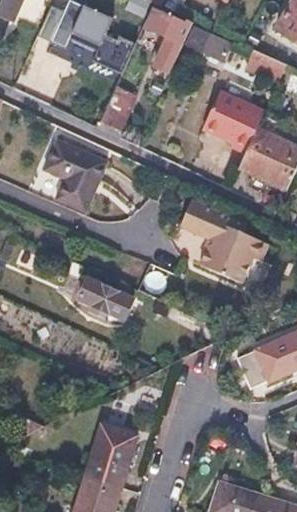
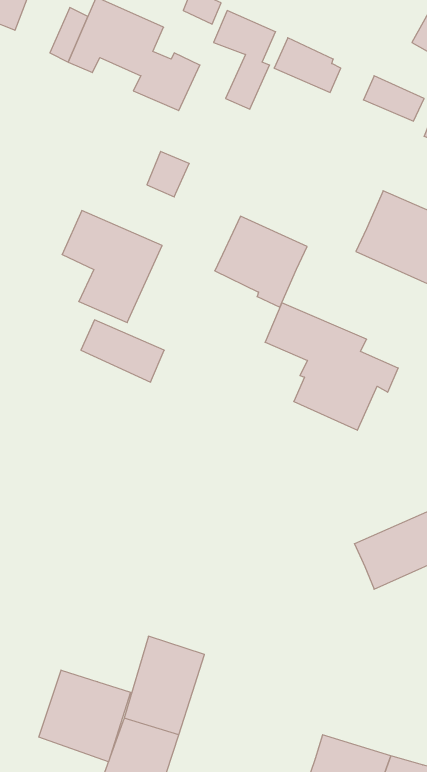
building: [203,91,264,151] -> [215,216,307,307]
building: [80,280,135,321] -> [81,320,164,382]
building: none -> [39,670,130,762]

